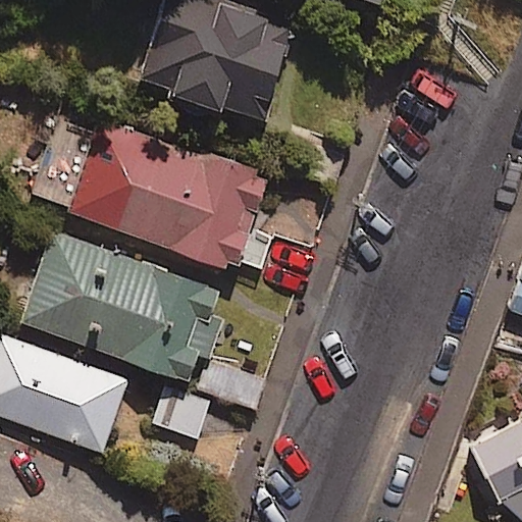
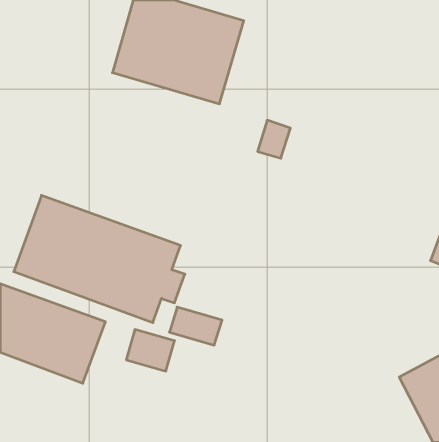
building: [37,123,271,274] -> none

